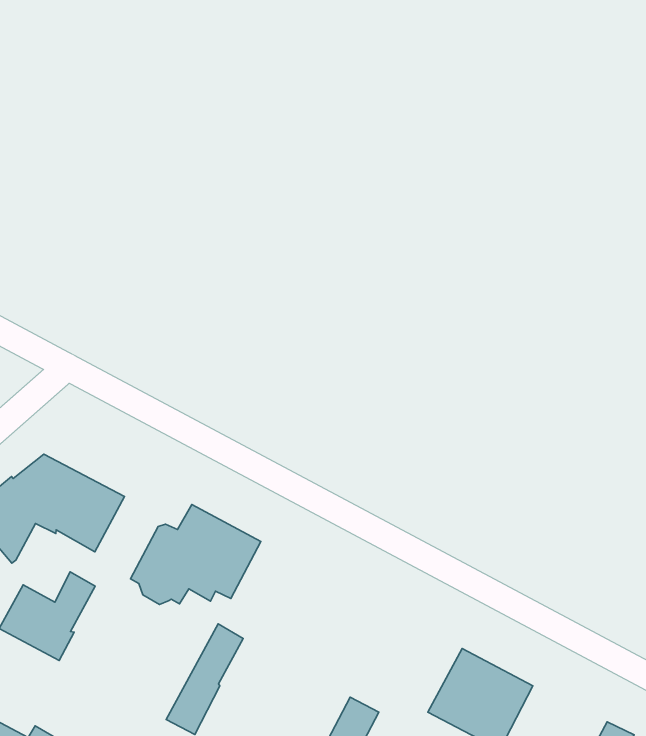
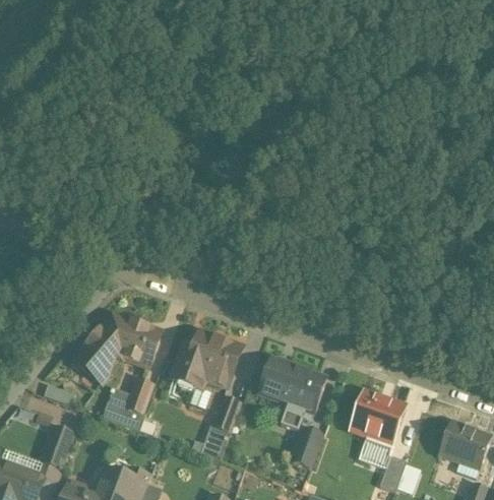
building: none -> [258,357,327,430]

